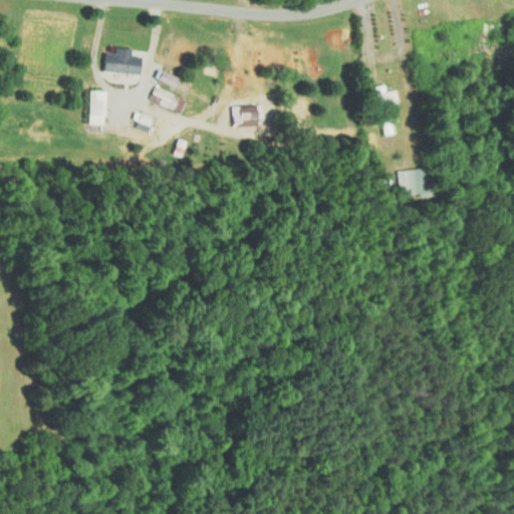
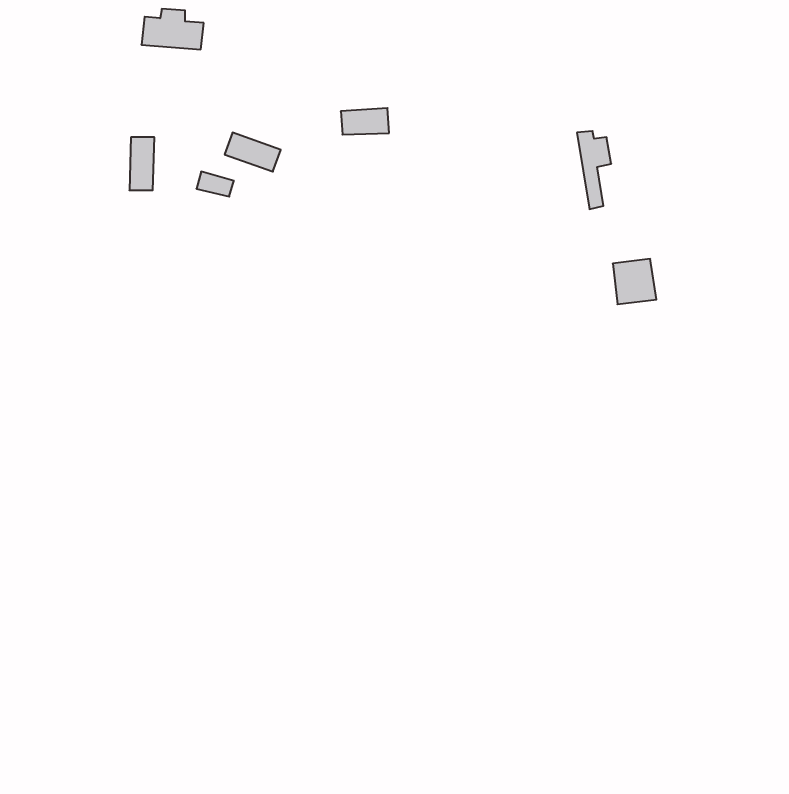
building: [102,48,143,74] -> [141,9,204,49]
building: [233,104,264,121] -> [341,108,389,135]

